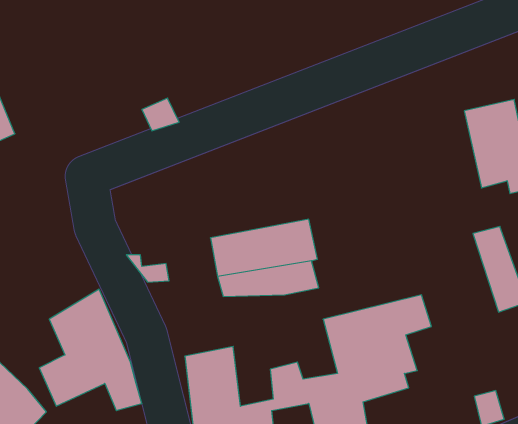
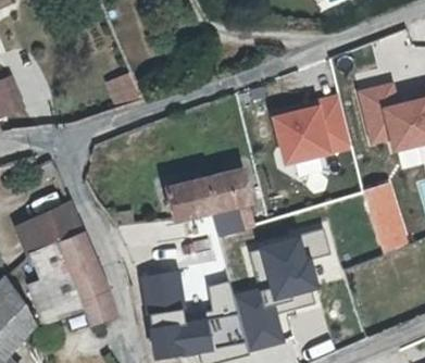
building: none -> [270,89,355,166]
building: none -> [14,198,79,254]

